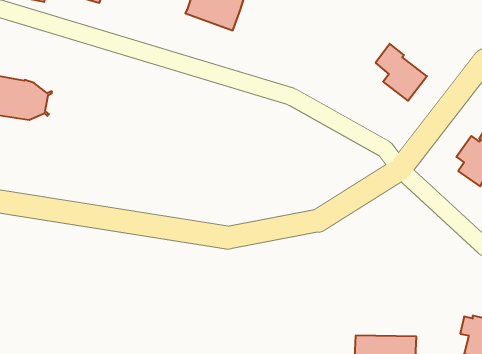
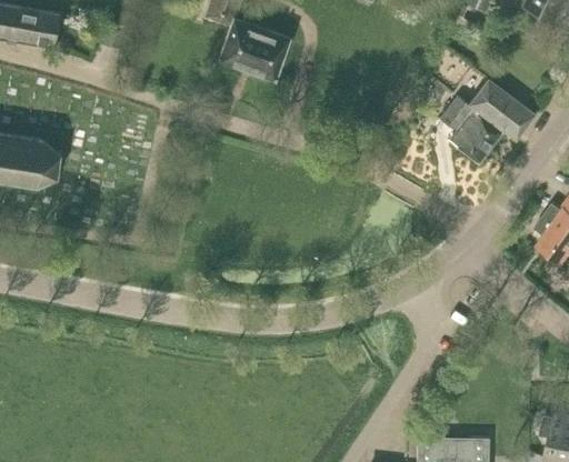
building: none -> [469,80,533,140]

